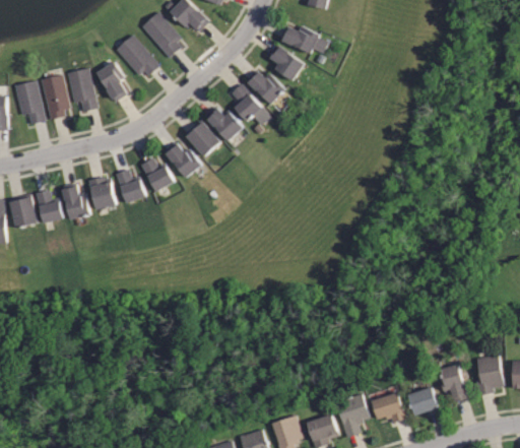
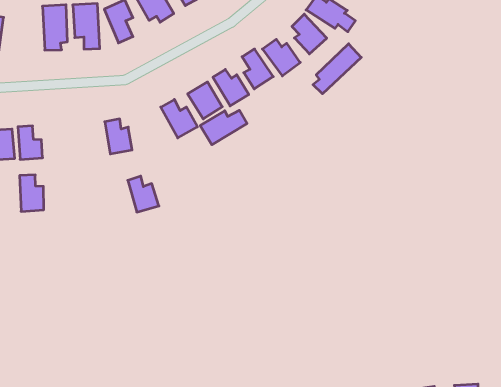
building: none -> [313,44,361,94]
building: [13,80,44,124] -> none
building: none -> [200,110,247,145]
building: [141,157,174,191] -> [128,176,159,212]
building: [89,178,116,208] -> none
building: [62,184,89,219] -> [20,175,44,211]

